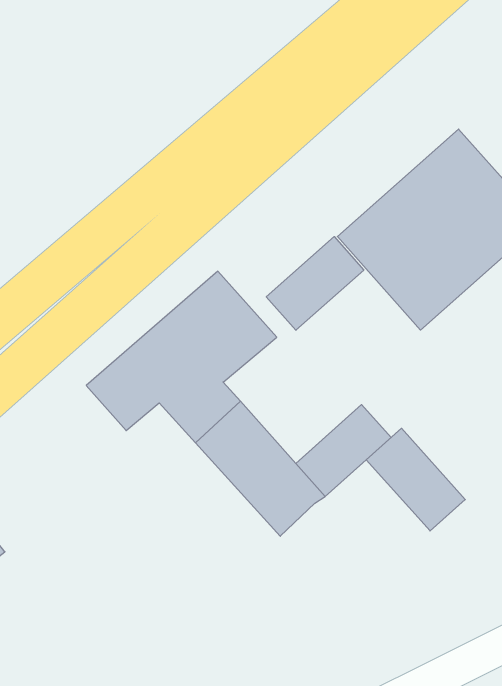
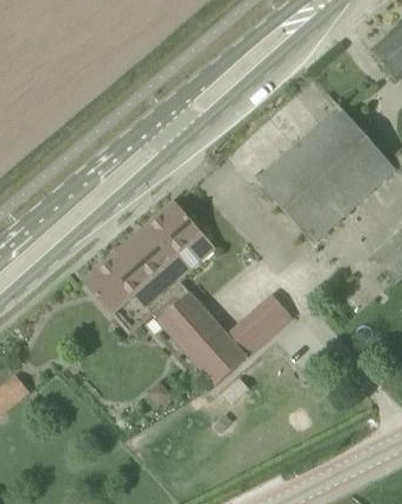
building: [266,237,364,330] -> none
building: [366,428,465,531] -> none

